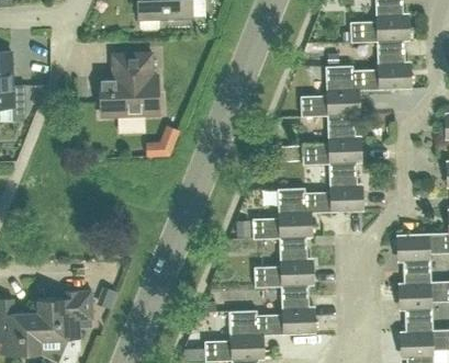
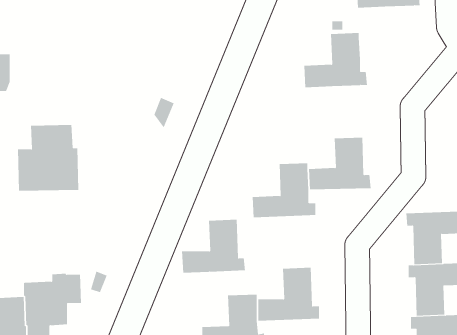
building: [352,39,411,90] -> none
building: [100,53,158,115] -> [17,124,79,191]
building: [302,114,361,165] -> none
building: [254,236,314,286] -> [181,219,246,273]

